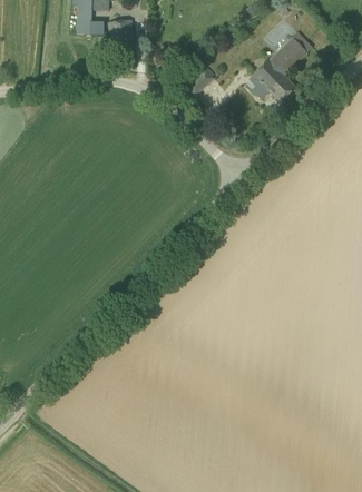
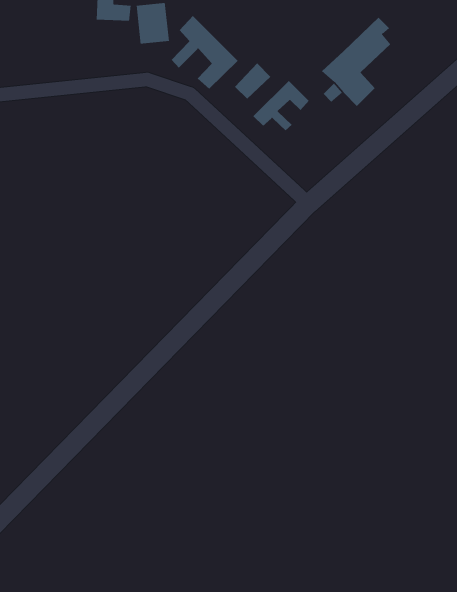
building: none -> [171,15,238,90]
building: none -> [252,80,309,131]

